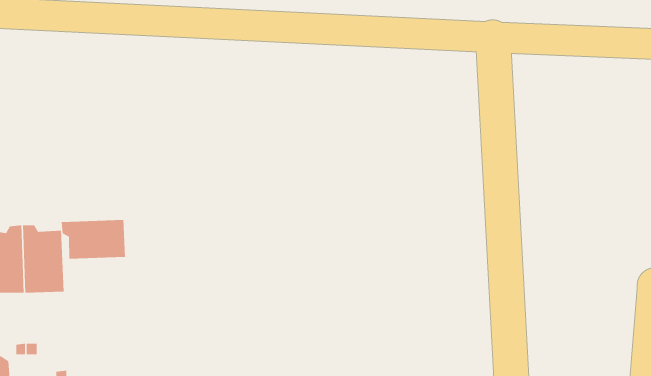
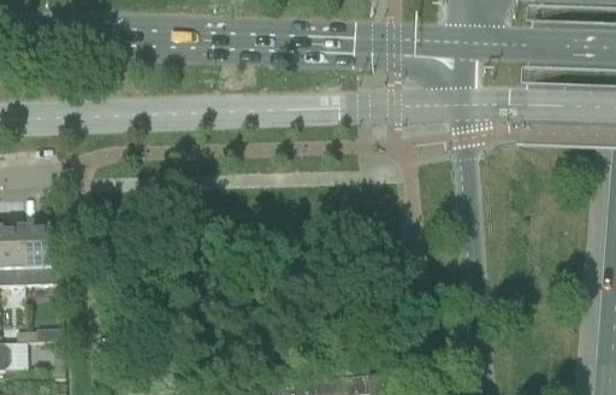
building: [61,219,126,260] -> none

